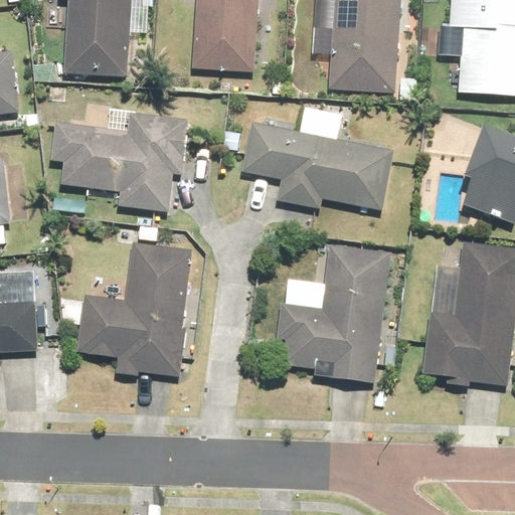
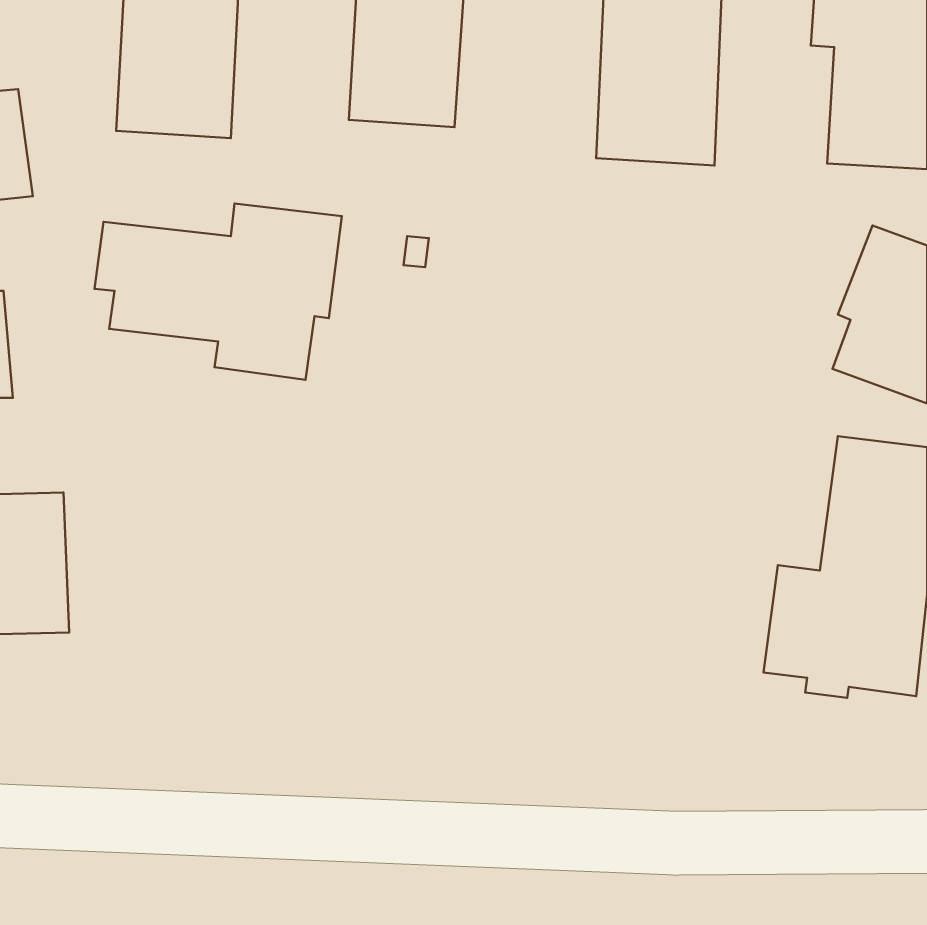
building: [241,121,395,210] -> none
building: [74,240,191,374] -> none
building: [278,245,389,383] -> none

